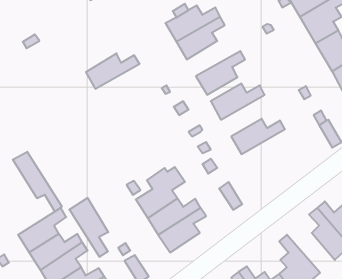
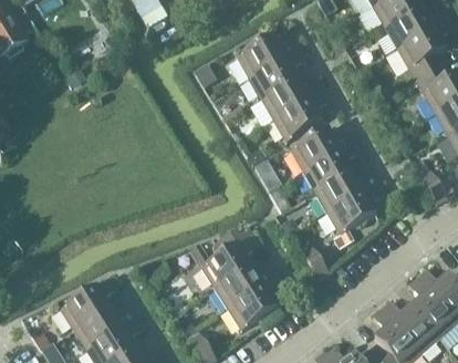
building: [86,53,140,89] -> [261,76,325,118]
building: none -> [302,141,361,190]
building: none -> [326,182,384,246]
building: [13,152,62,212] -> none
building: [69,198,108,257] -> none
building: none -> [381,300,438,353]

